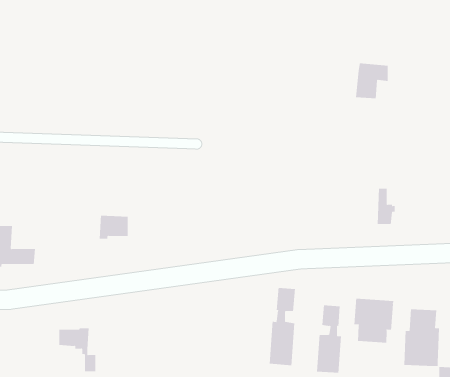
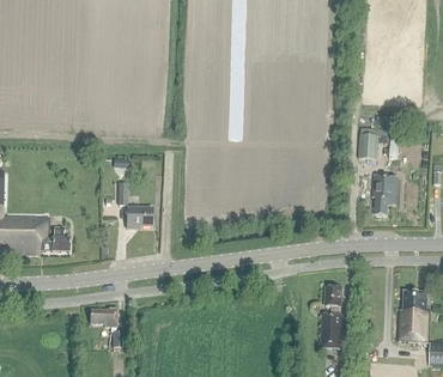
building: [355,63,389,99] -> [357,126,387,158]
building: [269,287,295,366] -> none
building: [354,298,394,344] -> none

